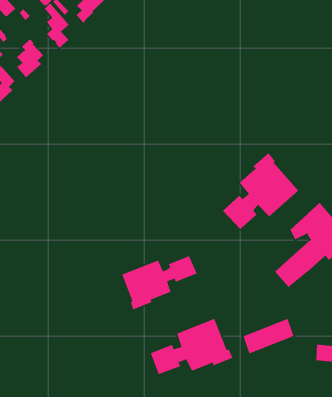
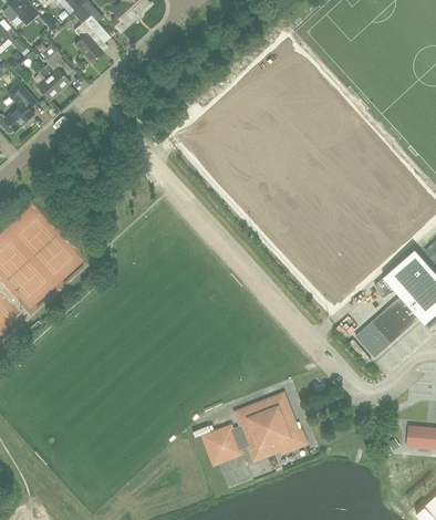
building: [222,152,299,230] -> none
building: [121,255,198,310] -> none
building: [243,318,295,354] -> none

